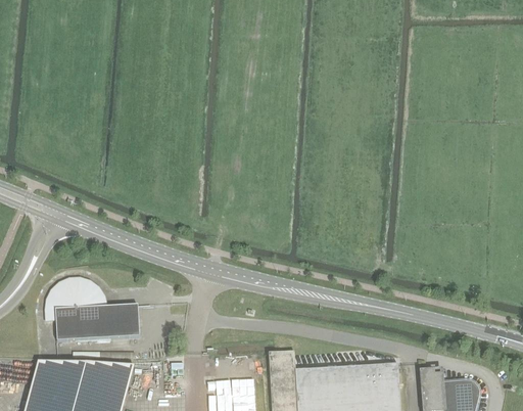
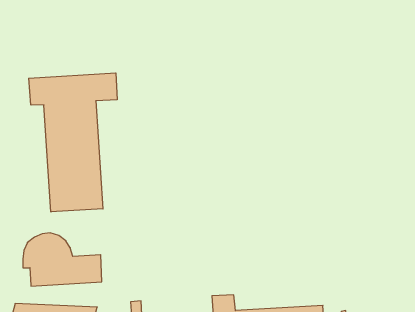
building: none -> [29,73,117,212]

